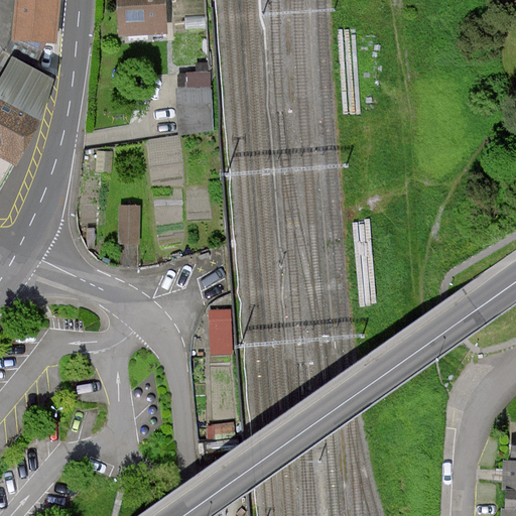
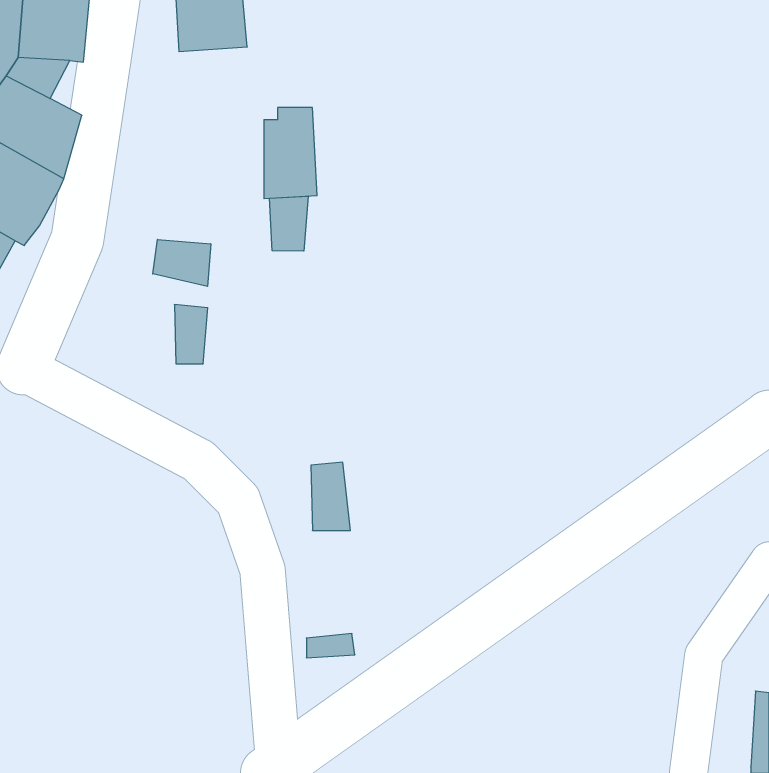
building: none -> [270,196,308,251]
building: none -> [153,239,211,286]

